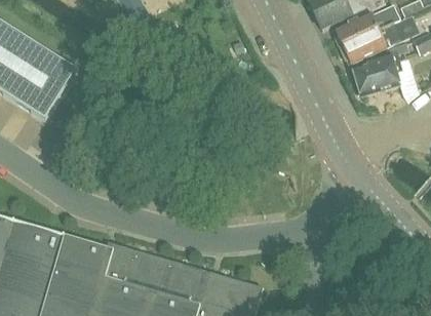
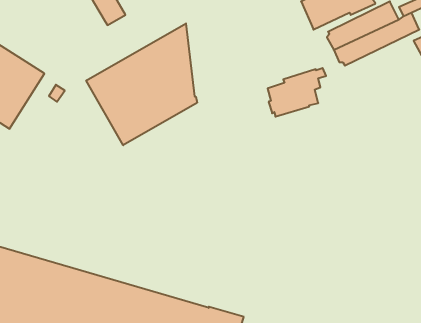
building: none -> [86,23,197,145]
building: [353,50,406,94] -> [268,68,326,117]

